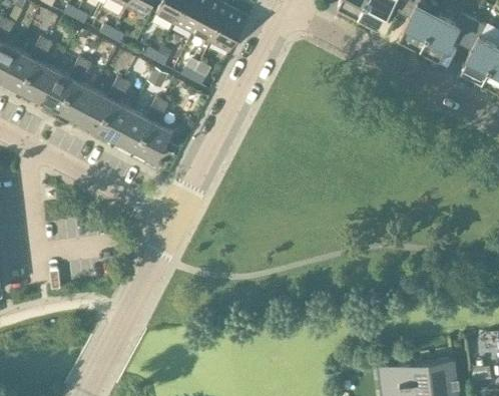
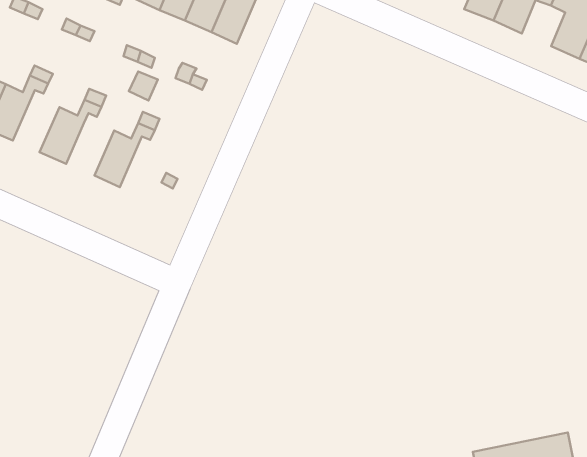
building: [58,76,94,122] -> none
building: [96,96,133,142] -> none
building: [134,116,171,162] -> none

